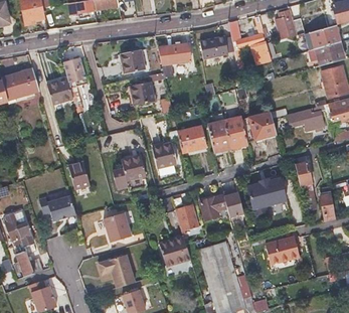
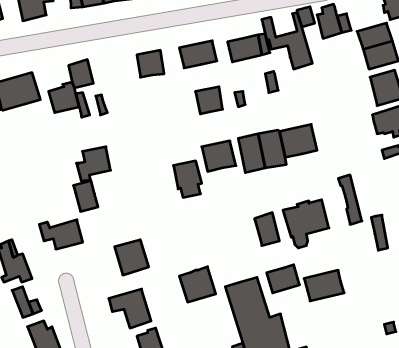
building: [131,82,154,105] -> [195,87,223,114]
building: [290,106,323,131] -> none
building: [116,156,145,185] -> [76,147,111,181]
building: [199,194,227,218] -> [267,265,300,293]
building: [174,204,198,230] -> none

